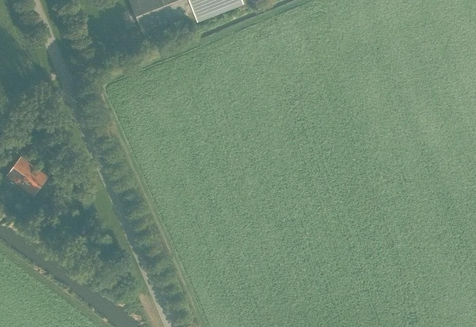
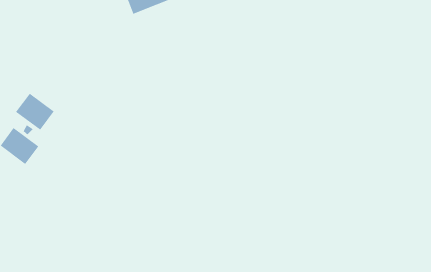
building: none -> [15,93,55,131]

